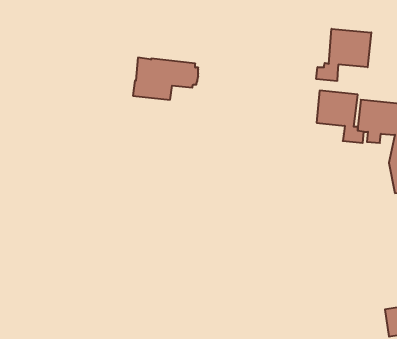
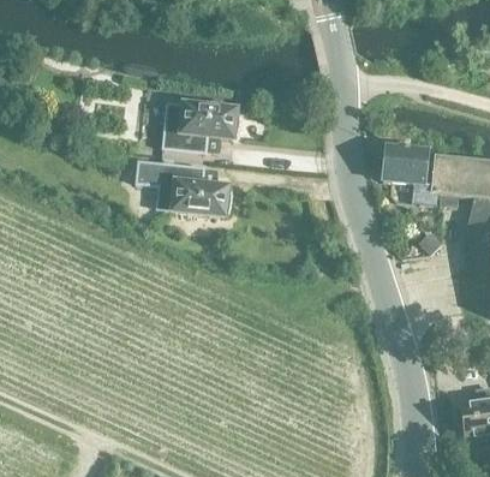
building: [316,29,371,81] -> none
building: none -> [135,160,231,215]

